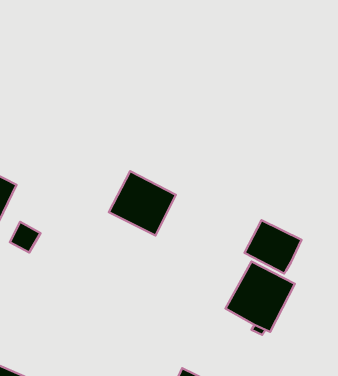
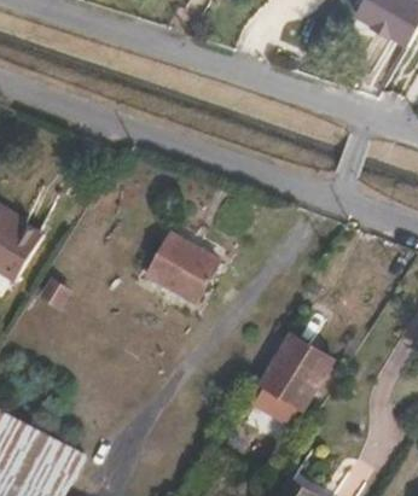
building: [245,220,301,274] -> none

